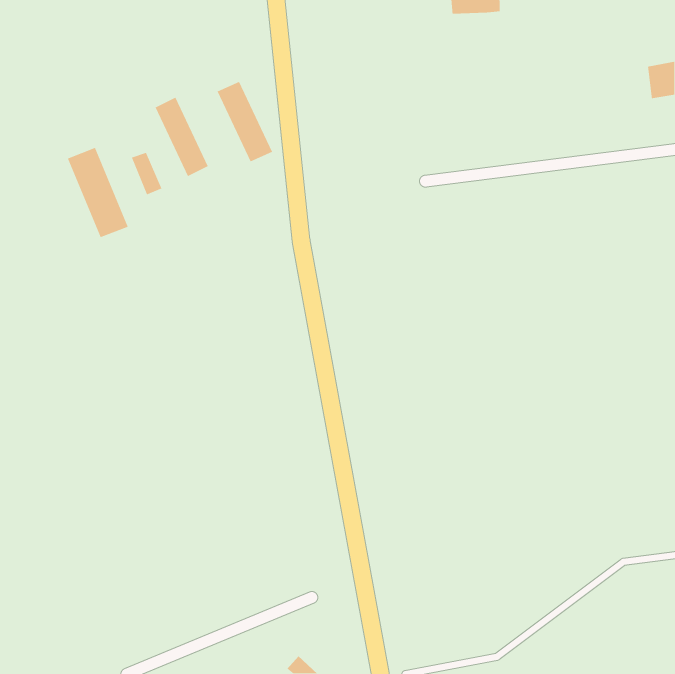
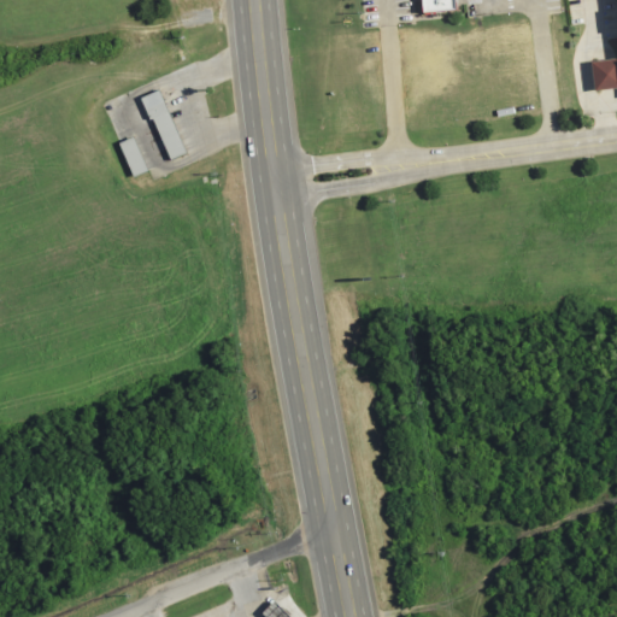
building: [216,81,273,163] -> none
building: [67,147,129,238] -> none

